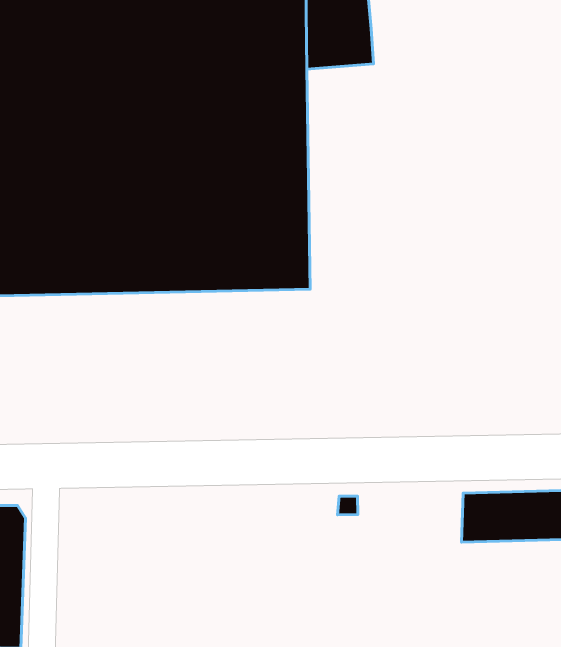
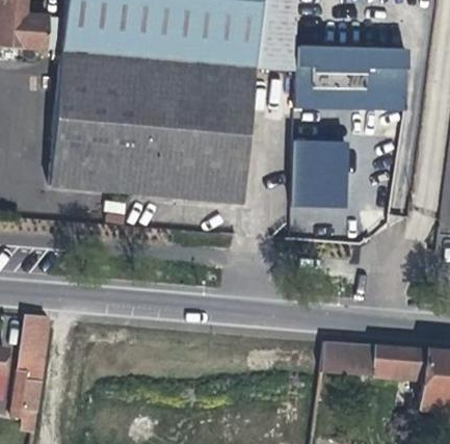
building: none -> [294,46,408,108]
building: none -> [293,140,351,209]

